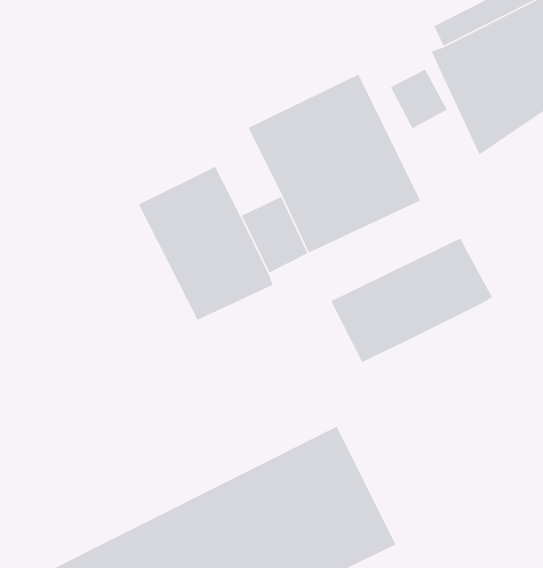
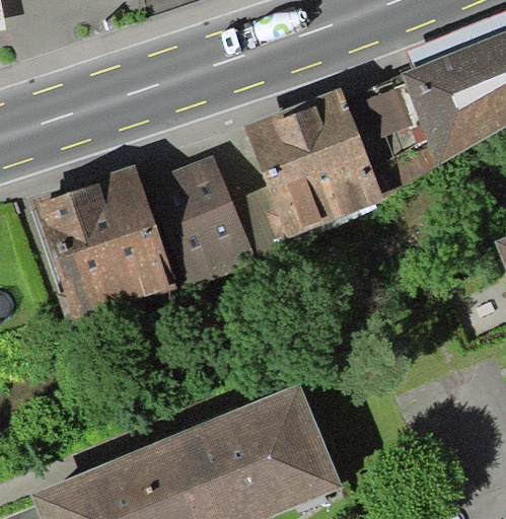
building: none -> [32,164,179,317]
building: [330,237,493,363] -> none

